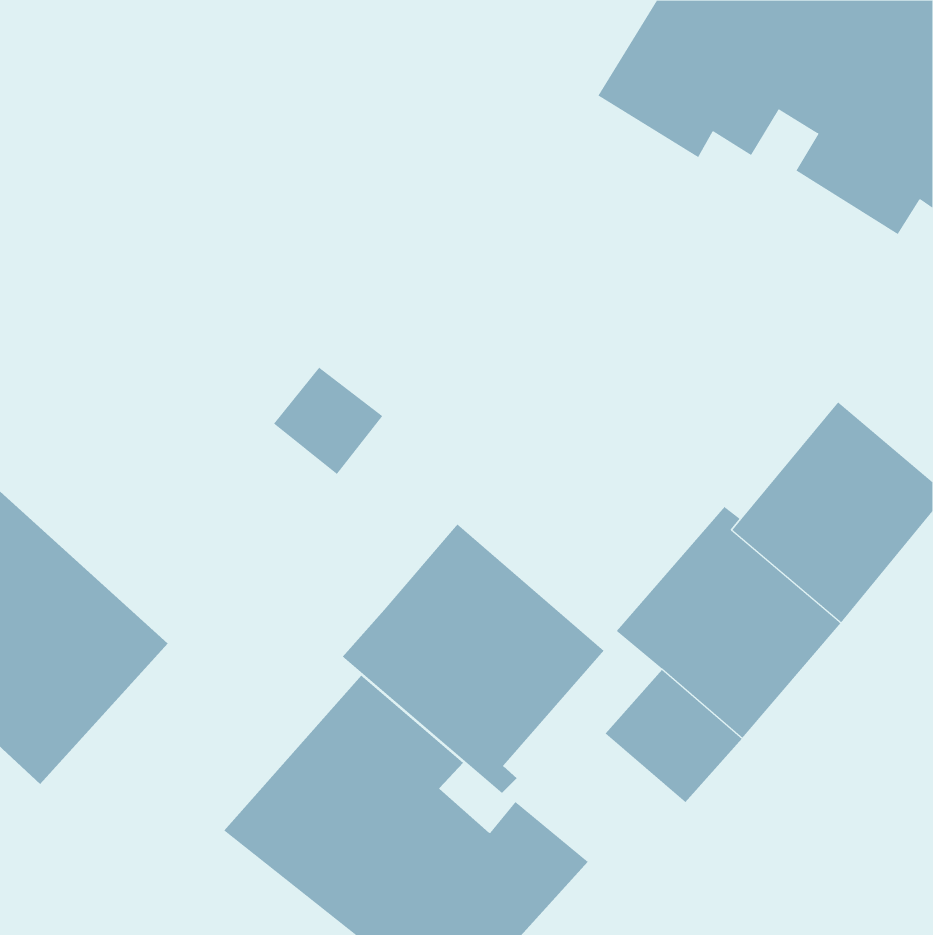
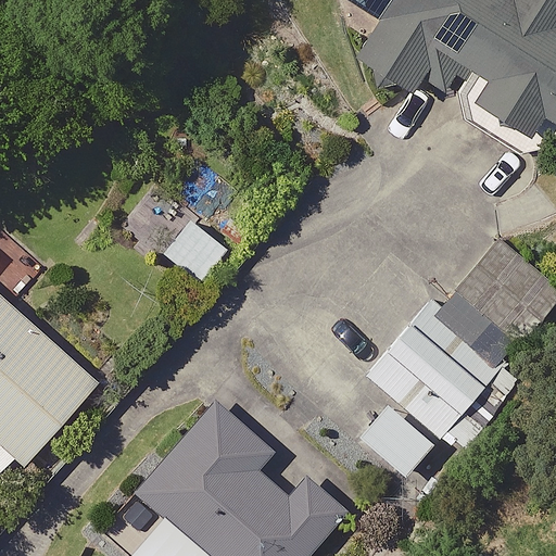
building: [342,524,604,794] -> none

